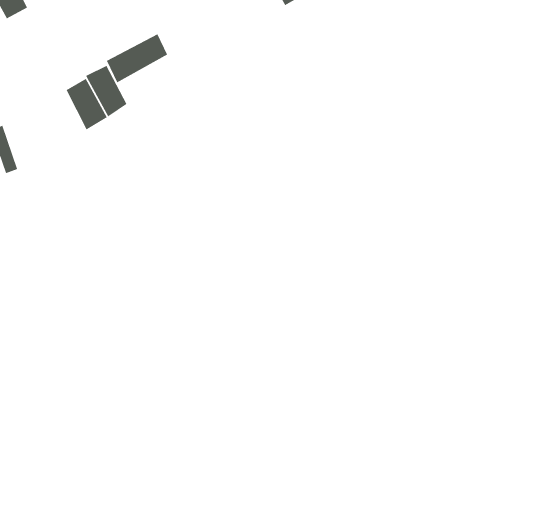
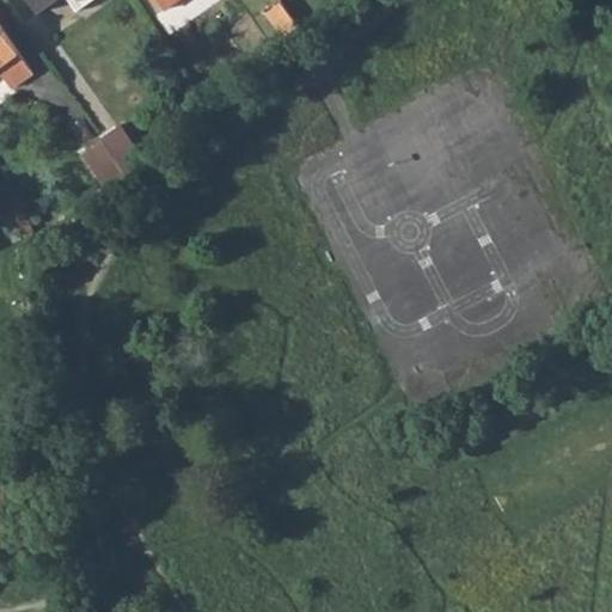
building: [106,33,168,84] -> none

